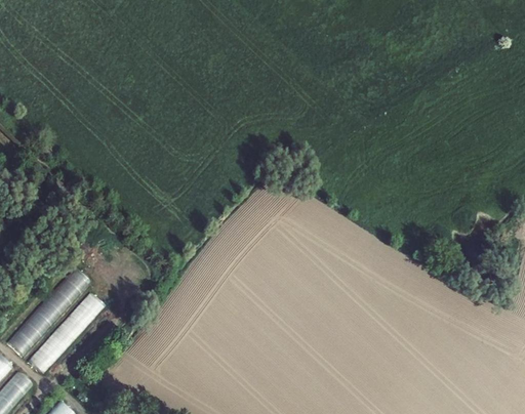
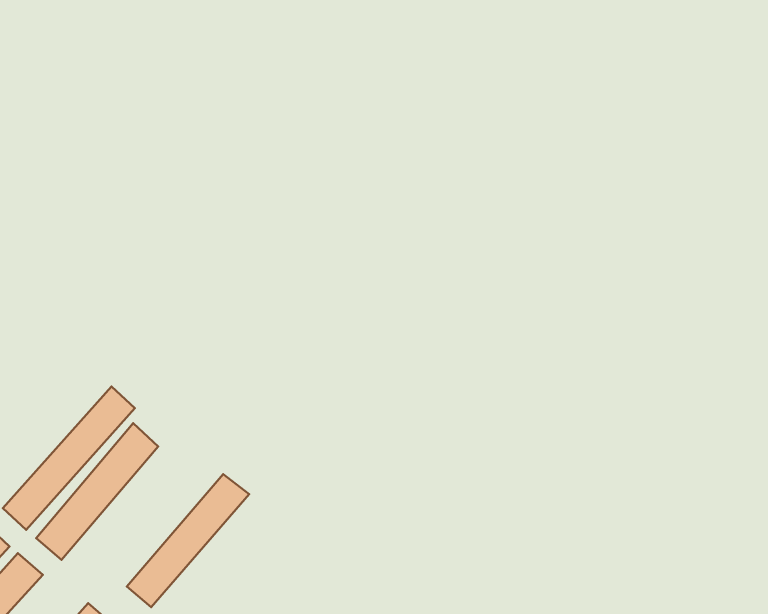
building: none -> [127,474,249,607]

